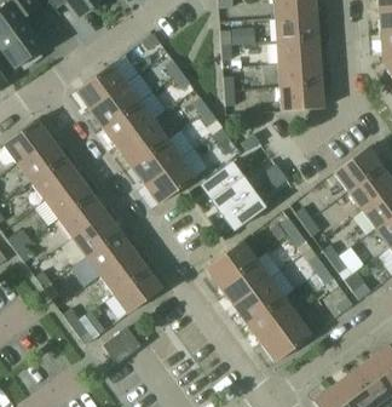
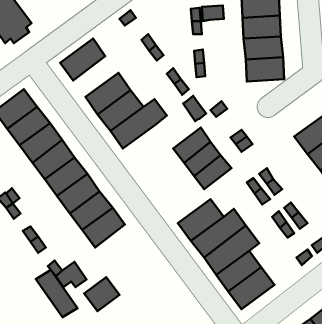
building: [91,74,154,128] -> none
building: [145,149,208,203] -> none
building: [115,269,162,314] -> none
building: none -> [36,270,78,317]

